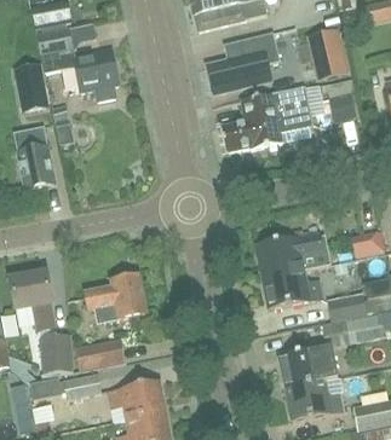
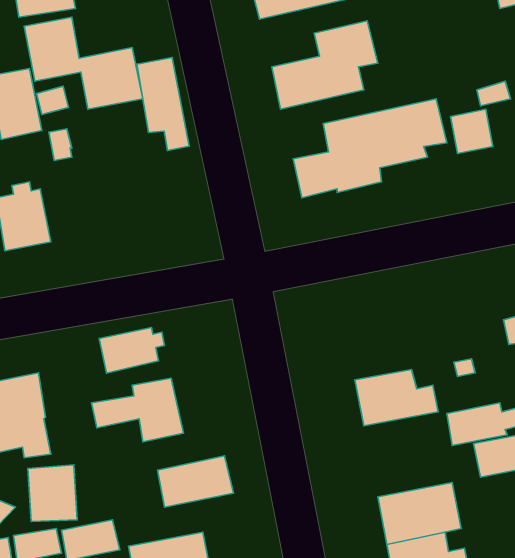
building: [306,27,349,79] -> none
building: none -> [137,57,189,150]
building: [255,231,322,276] -> none
building: none -> [99,327,164,373]
building: [73,336,125,371] -> [157,456,233,507]

